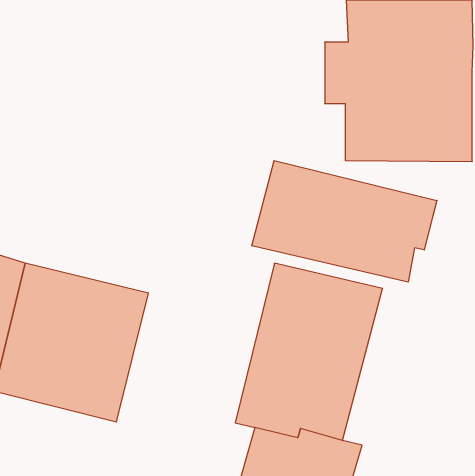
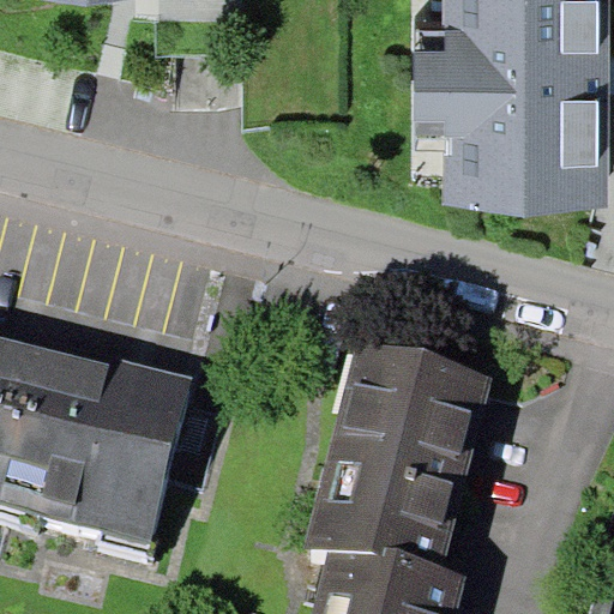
building: [252,161,437,282] -> none

